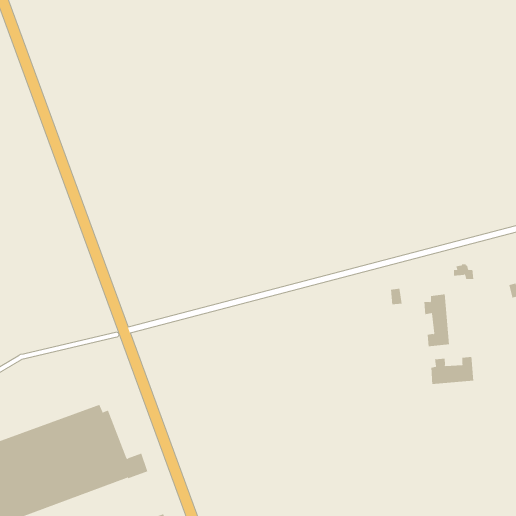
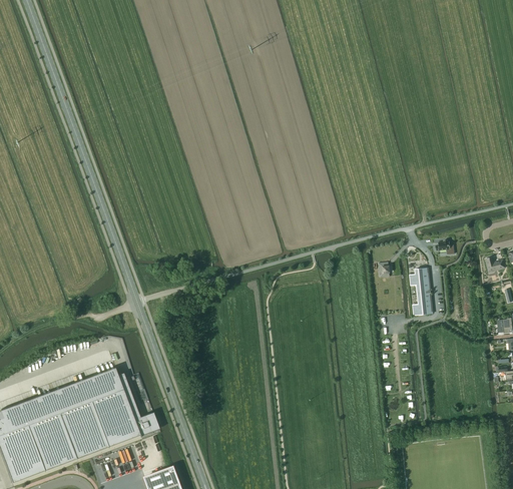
building: [431,356,474,385] -> none

